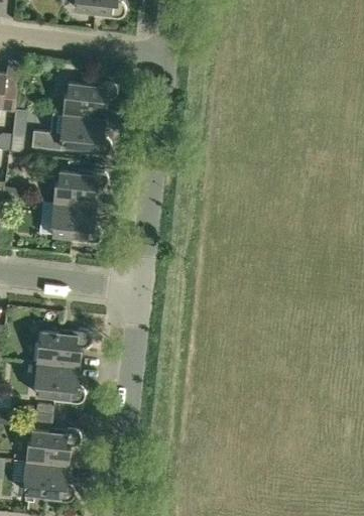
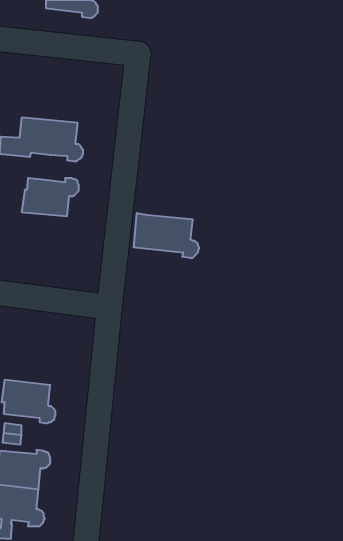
building: [62,82,116,118] -> none
building: [38,201,101,243] -> [133,213,199,258]
building: [35,331,90,367] -> none

